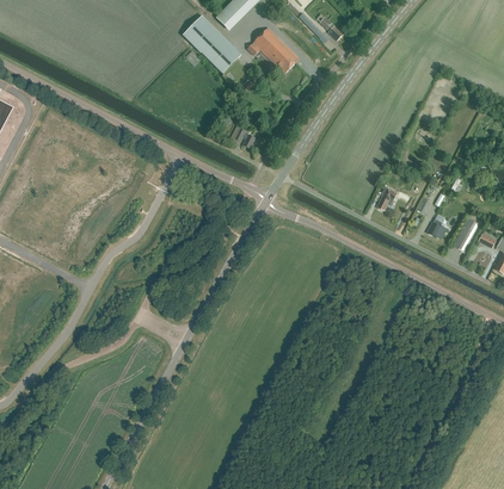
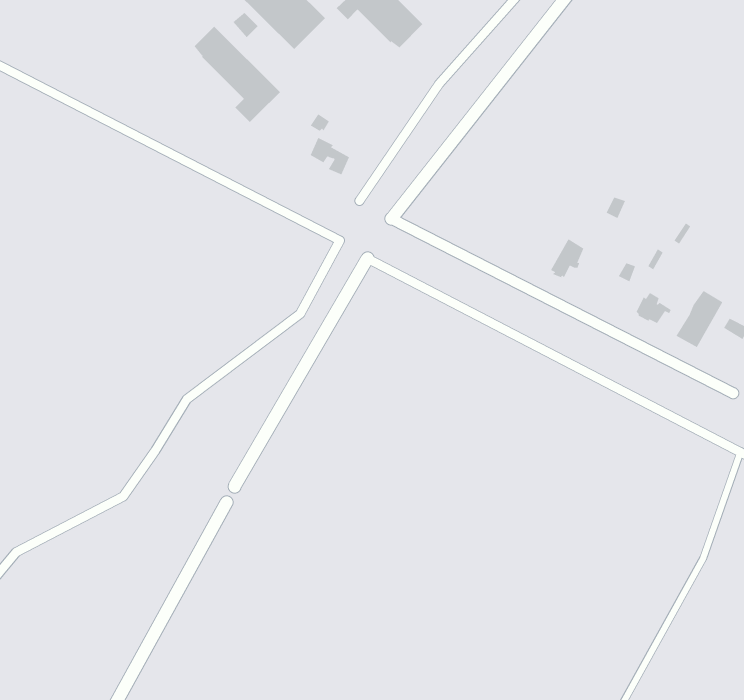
building: none -> [194,26,281,123]

